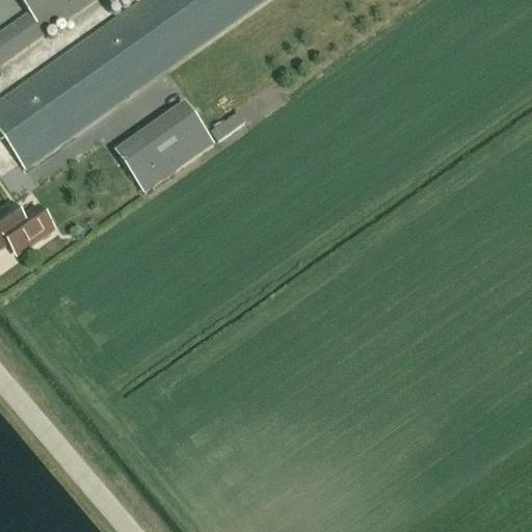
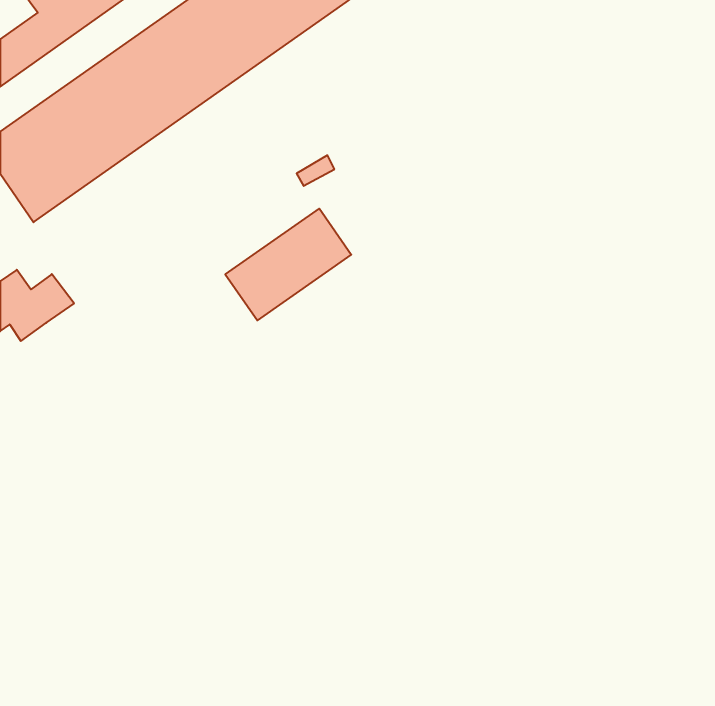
building: [119,106,213,189] -> [225,209,351,320]

